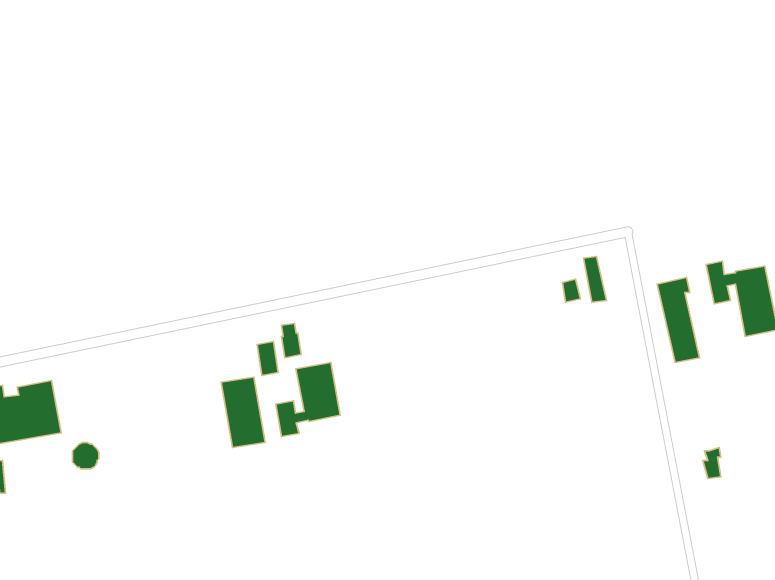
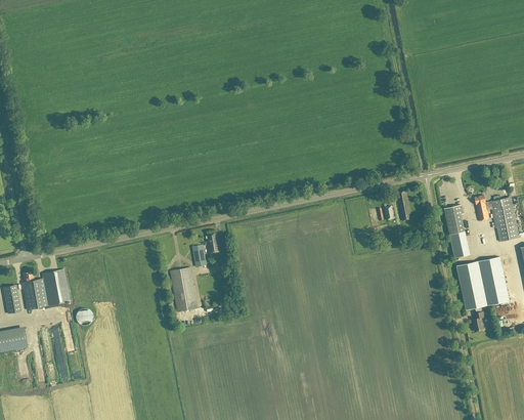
building: none -> [455,257,509,310]
building: [276,362,340,436] -> none

